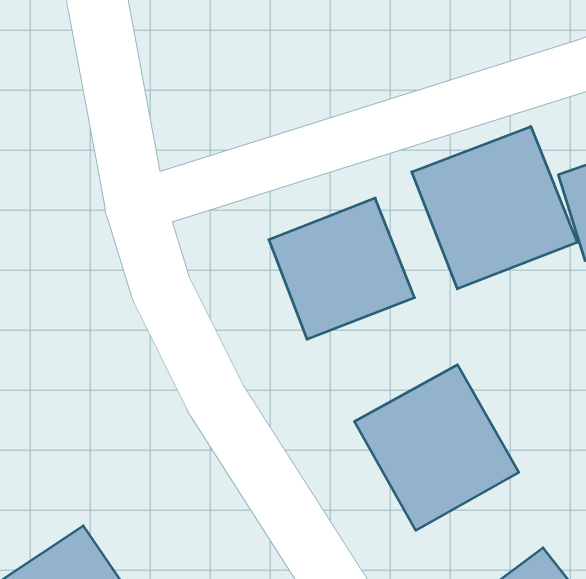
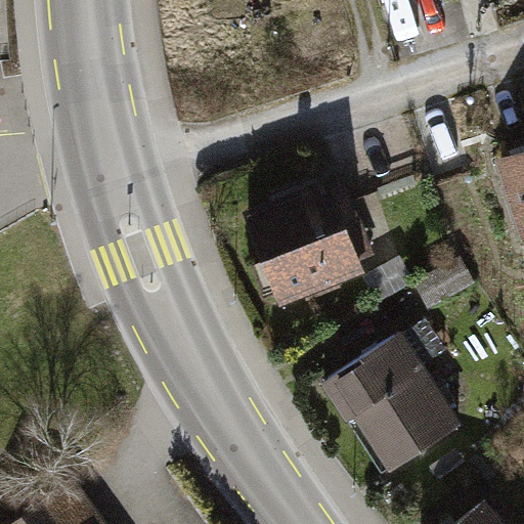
building: [412,126,577,289] -> none

